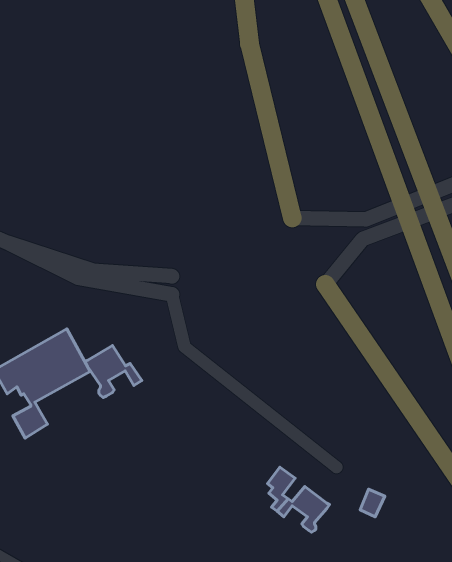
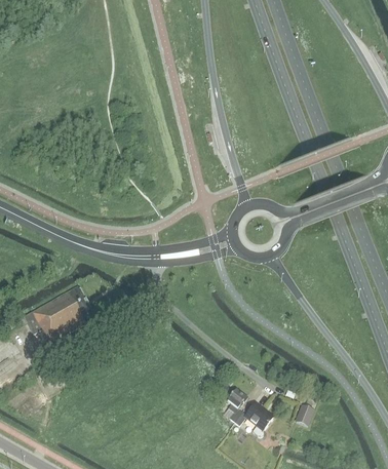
building: [85,346,142,397] -> none

